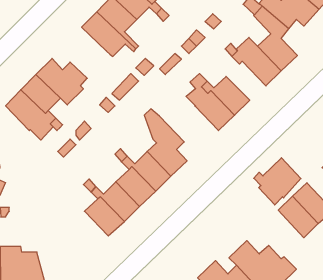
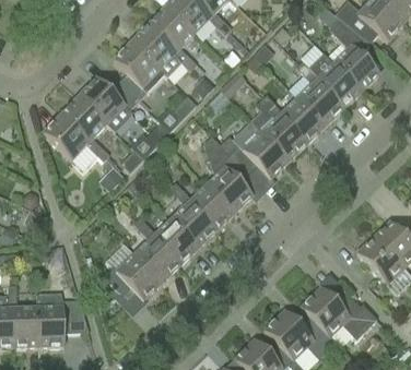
building: none -> [114,41,164,100]
building: none -> [297,81,343,126]
building: none -> [221,121,289,179]
building: [254,158,301,205] -> none
building: none -> [92,242,162,302]

